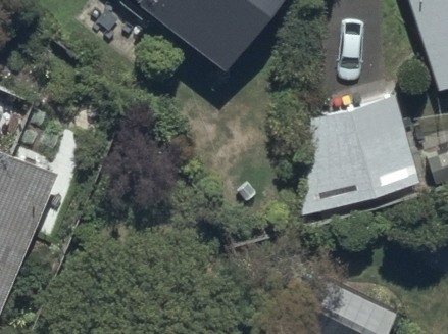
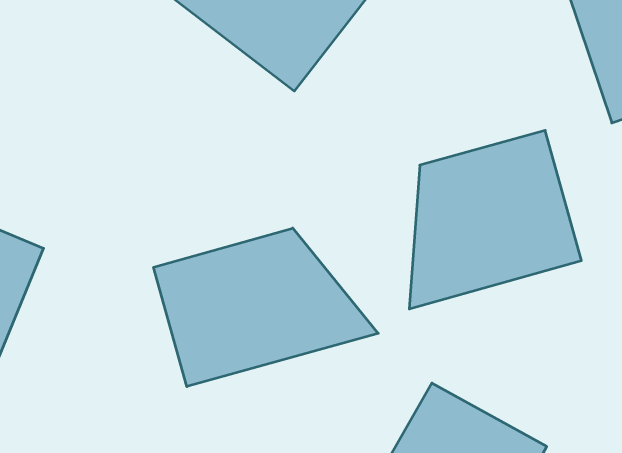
building: none -> [154,228,378,387]

